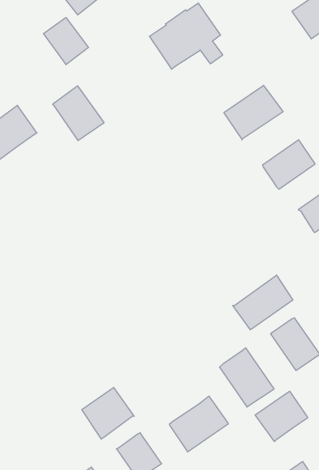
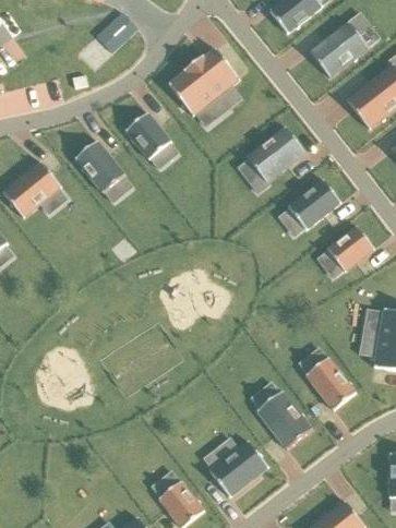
building: [43,18,89,65] -> [124,111,170,158]
building: [233,275,293,330] -> none
building: [82,387,134,439] -> none
building: [255,391,308,442] -> none

